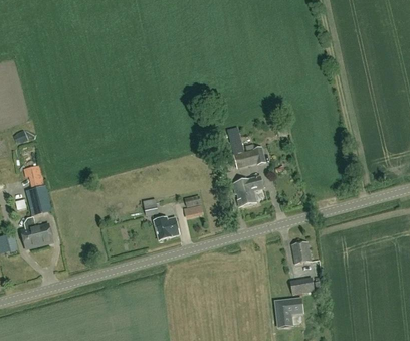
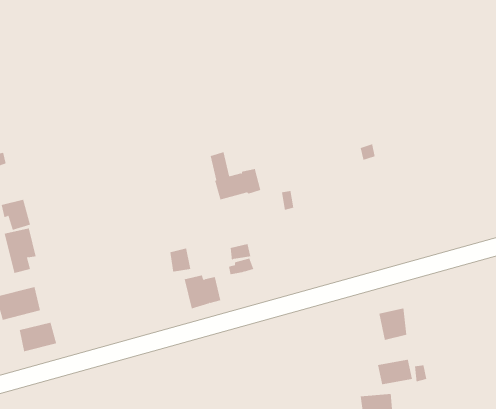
building: [230,135,266,169] -> [210,151,261,200]
building: [232,177,263,207] -> none
building: none -> [19,322,57,352]

